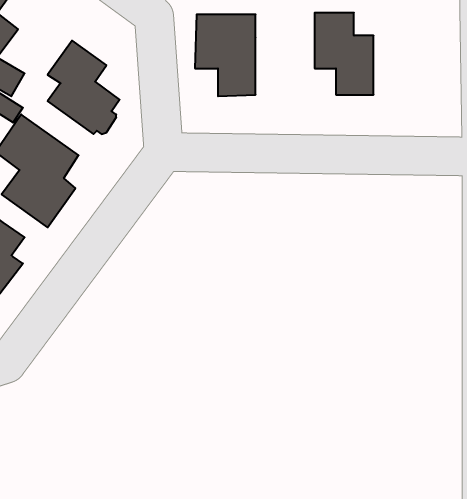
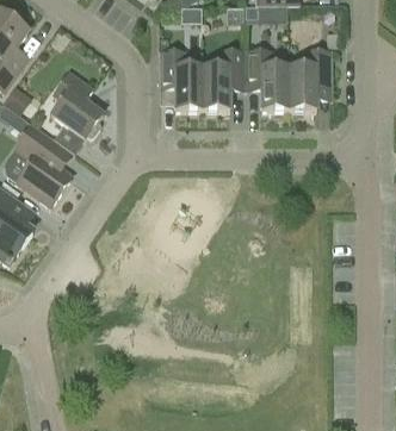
building: none -> [202,50,245,110]
building: none -> [287,51,332,110]

